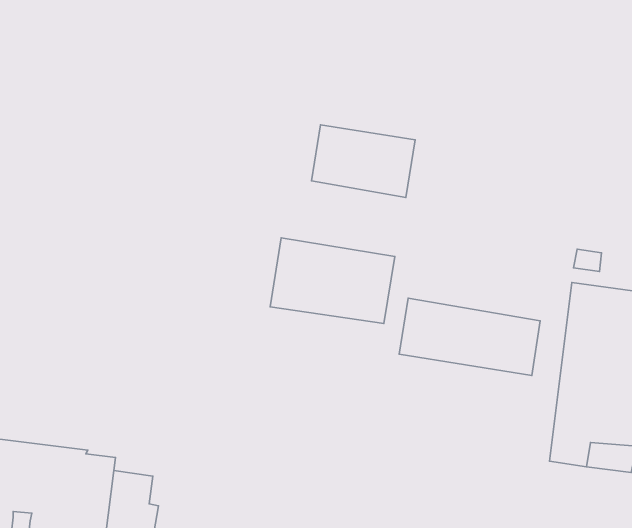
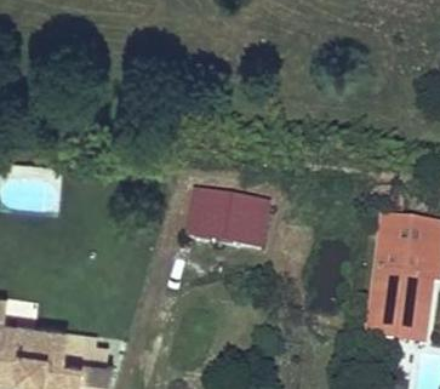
building: [312,125,415,198] -> none
building: [399,298,540,375] -> none

